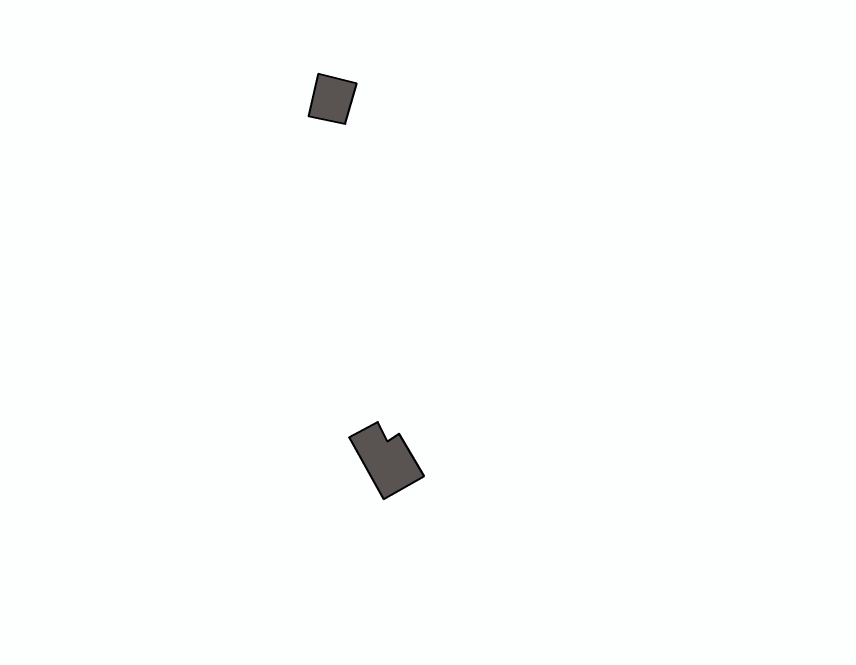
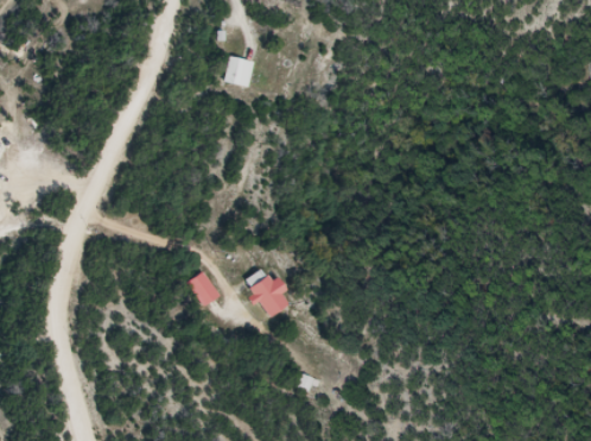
building: none -> [186,272,220,308]

